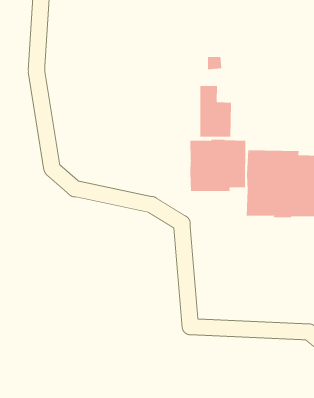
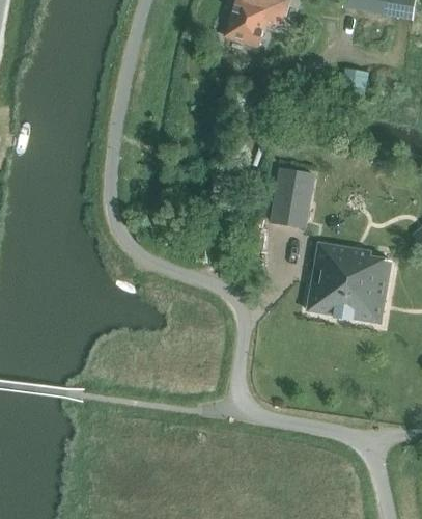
building: [190,139,246,192] -> none

